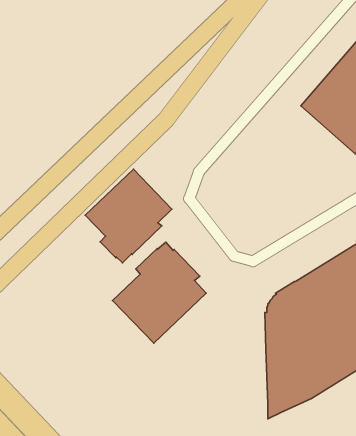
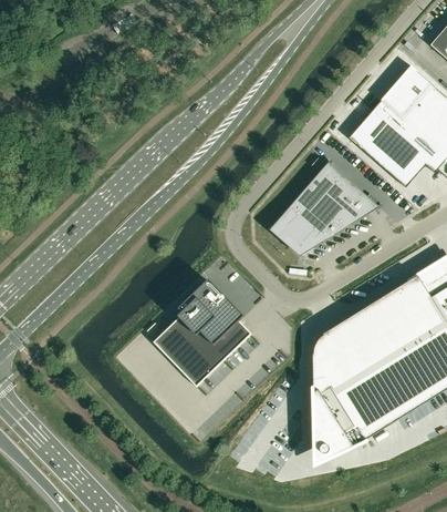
building: none -> [272,160,381,254]
building: [85,169,172,263] -> none

